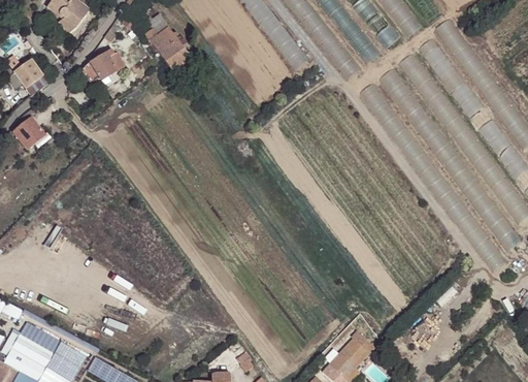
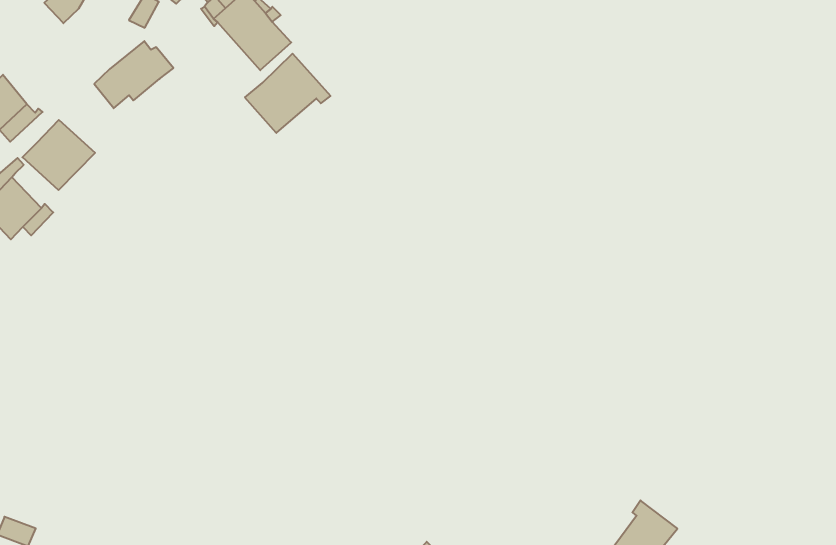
building: none -> [245,54,330,133]
building: none -> [22,120,95,190]

